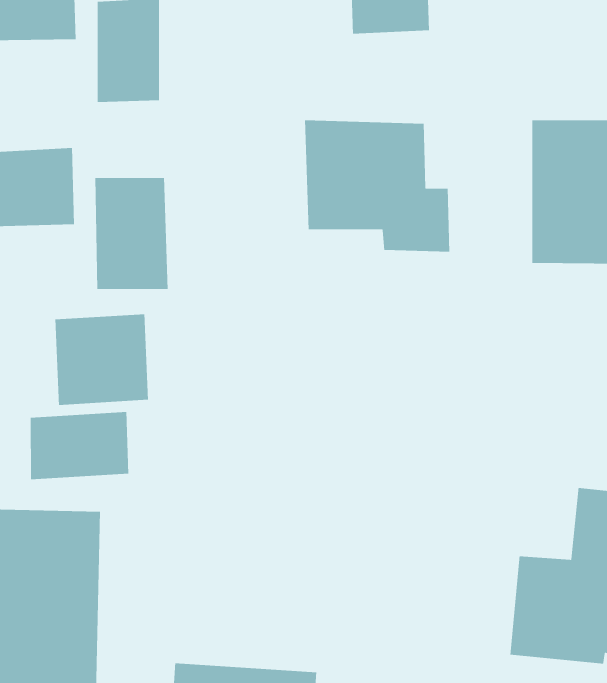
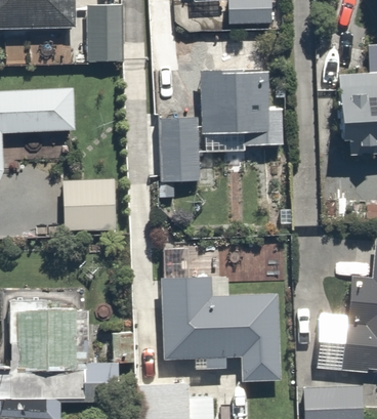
building: [95,177,169,290] -> [160,120,201,182]
building: [30,411,129,480] -> none
building: none -> [154,269,269,376]

